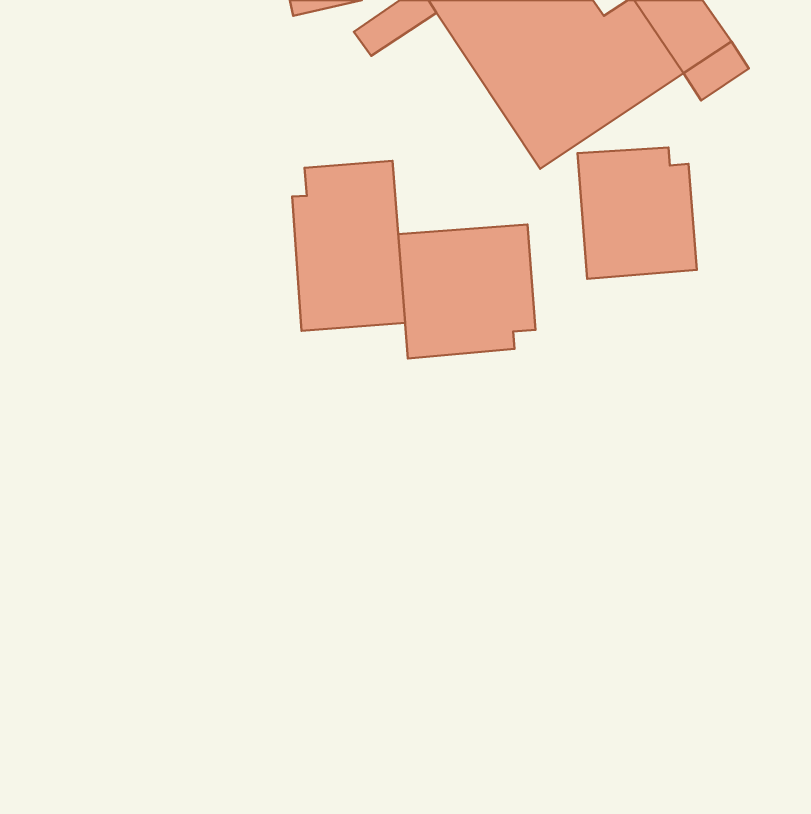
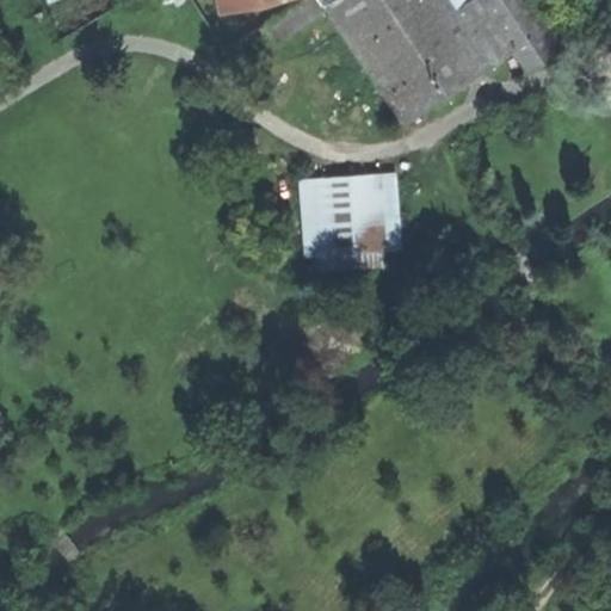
building: [578,148,697,279] -> none
building: [292,161,405,331] -> none

